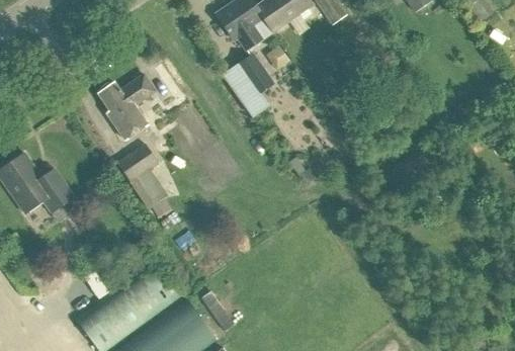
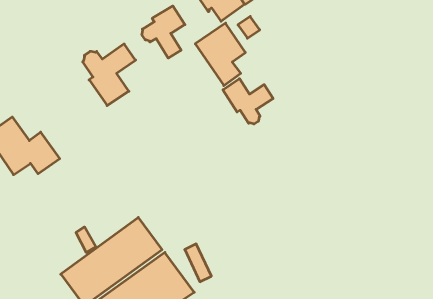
building: none -> [142,6,185,58]
building: none -> [223,79,273,124]
building: [117,144,166,208] -> none

